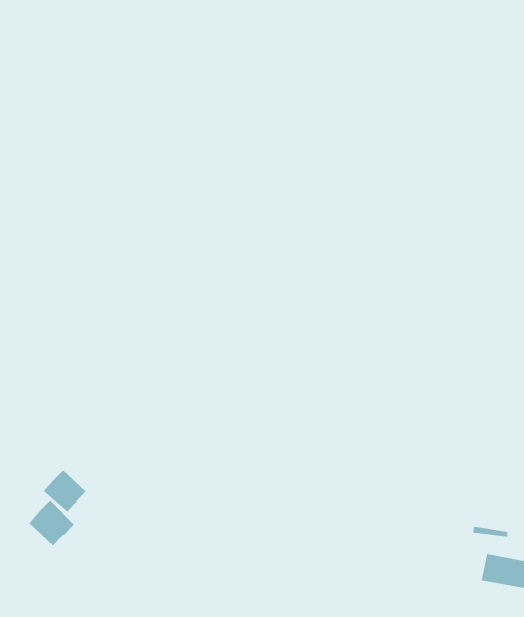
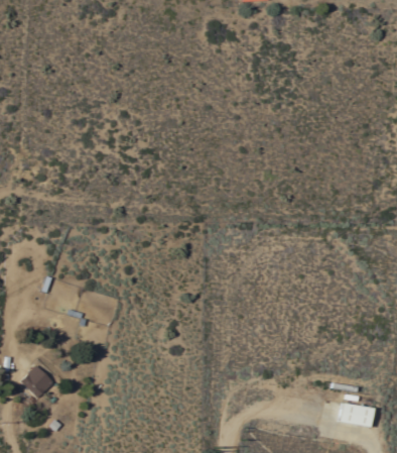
building: [43,470,86,512] -> none

